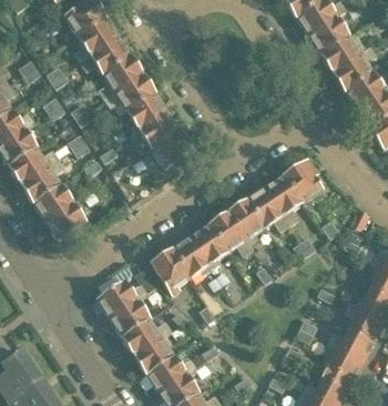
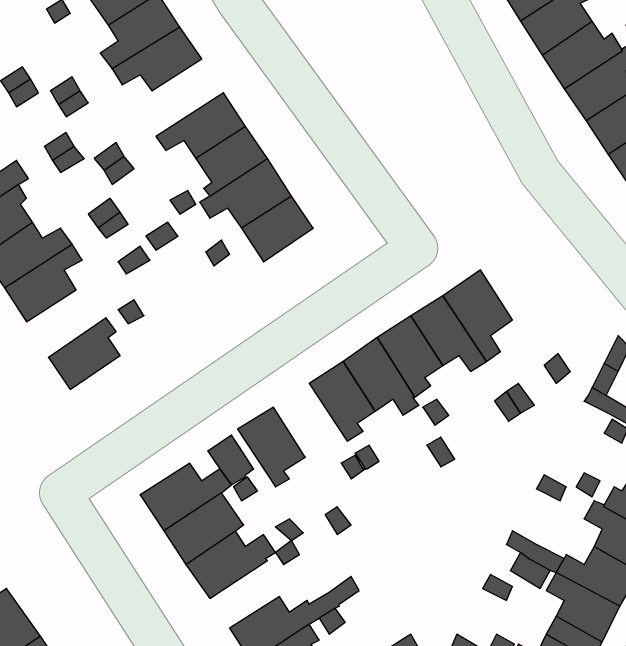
building: [100,55,143,99] -> none
building: [286,161,323,201] -> none
building: [33,184,78,222] -> none
building: [171,236,212,277] -> none
building: [135,335,174,373] -> none

